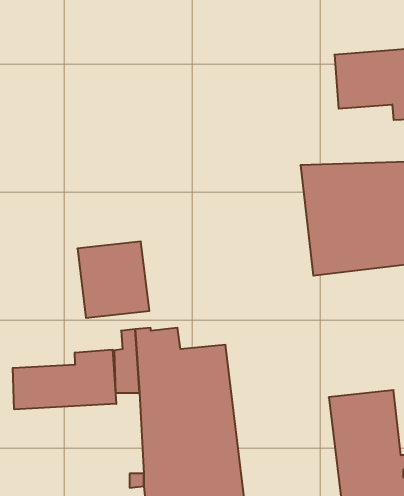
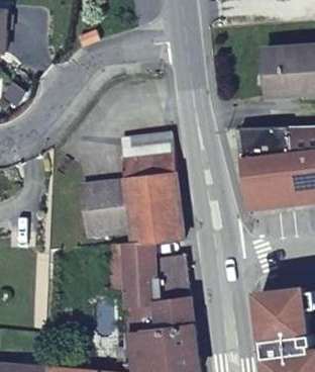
building: none -> [119,134,182,247]
building: [13,350,116,409] -> none

